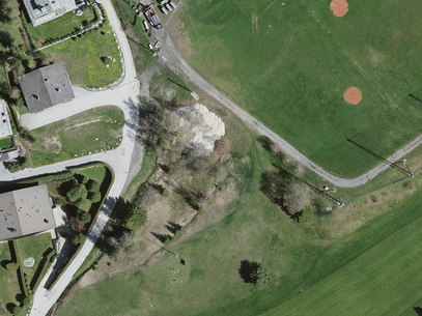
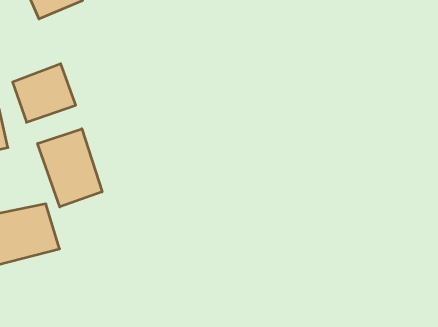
building: none -> [38,129,102,207]

